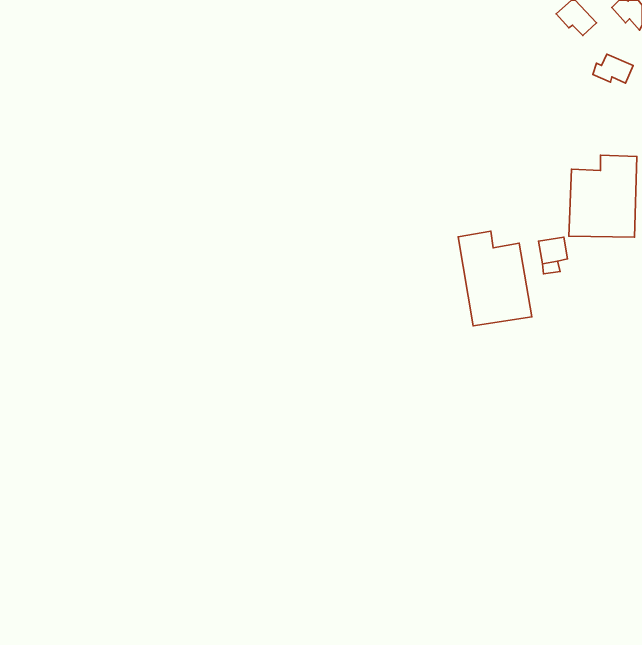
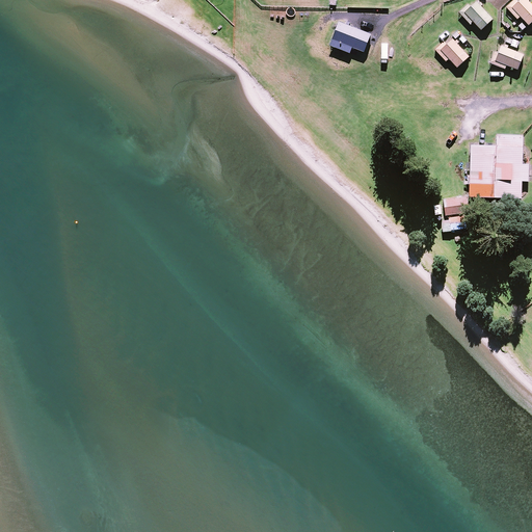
building: none -> [329,23,370,54]
building: none -> [436,37,468,66]
building: [458,231,532,326] -> none

